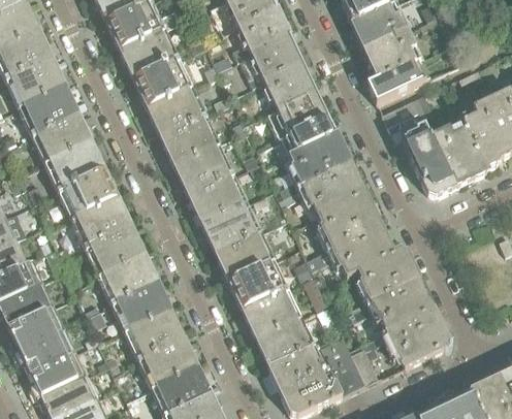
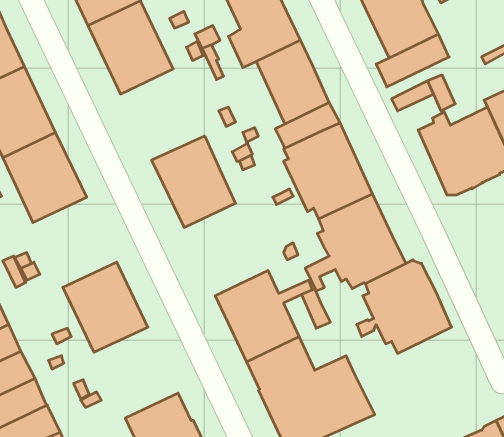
building: [148,86,220,164] -> none
building: [72,196,145,273] -> none
building: [202,201,275,281] -> none
building: [125,308,197,386] -> none
building: [349,308,447,383] -> none

